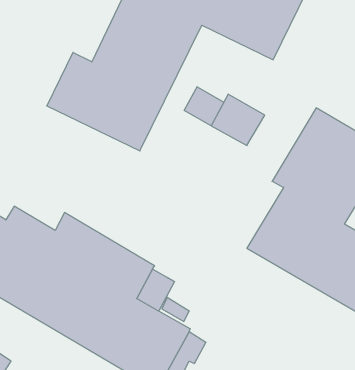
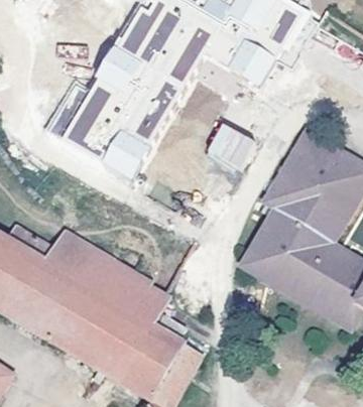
building: [184,87,224,126] -> none

